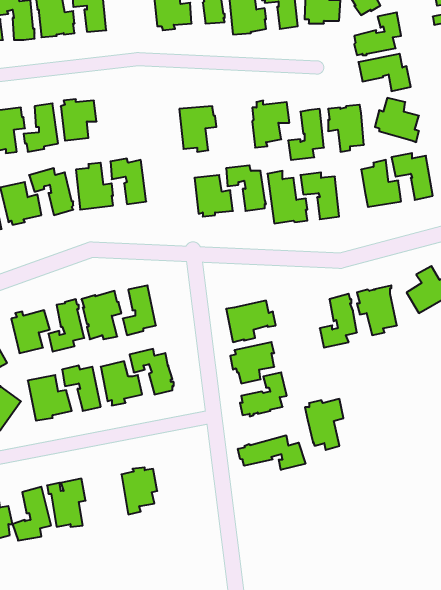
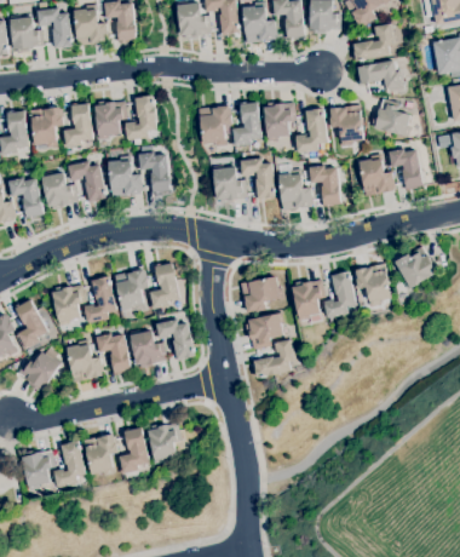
building: none -> [126,96,156,145]
building: none -> [232,103,261,148]
building: [305,399,343,450] -> [292,280,326,325]
building: [238,435,305,470] -> none
building: none -> [117,427,150,475]

